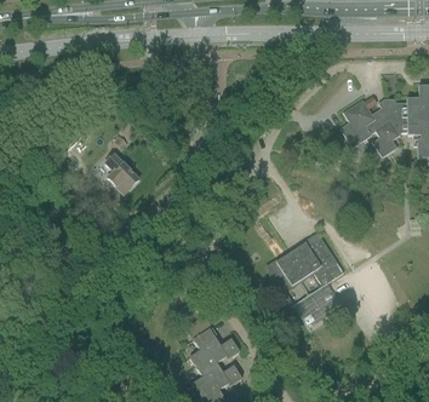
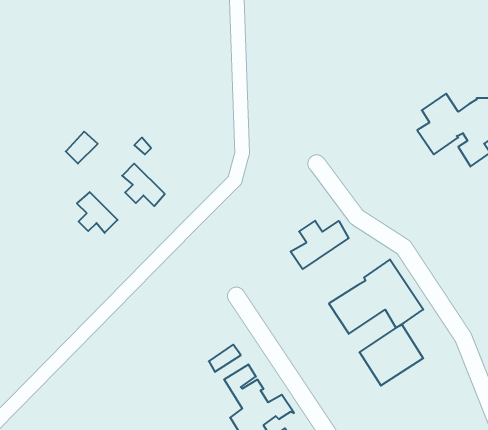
building: none -> [77,192,118,233]
building: none -> [291,221,349,269]

